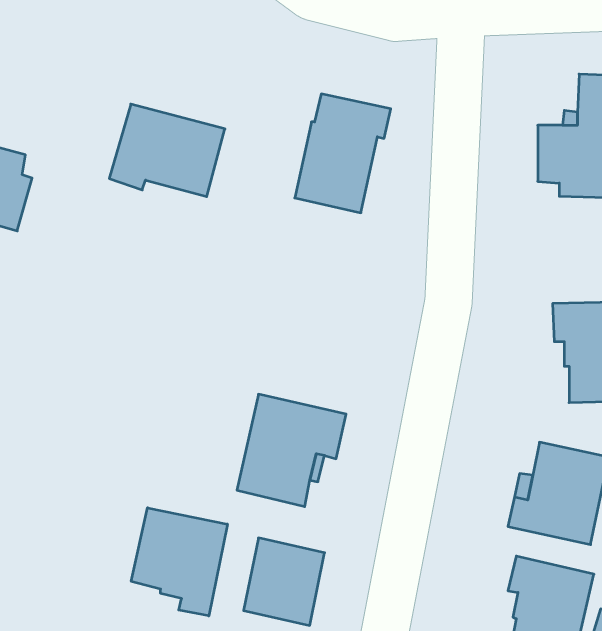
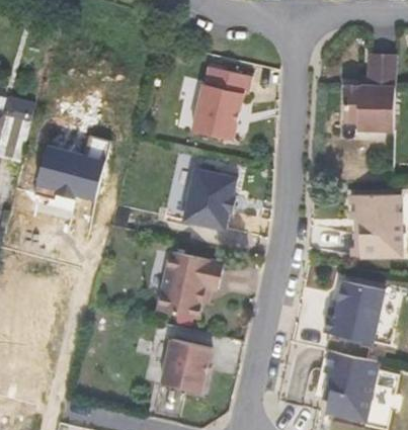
building: [109,104,225,197] -> [33,146,104,202]
building: none -> [183,169,236,230]
building: [131,508,227,616] -> none

